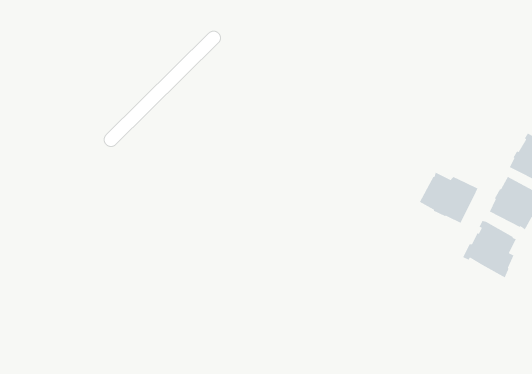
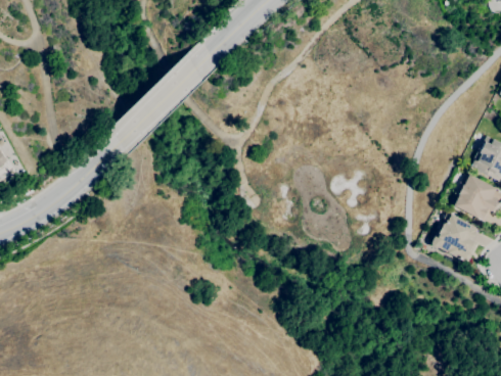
building: [419,171,479,224] -> none

